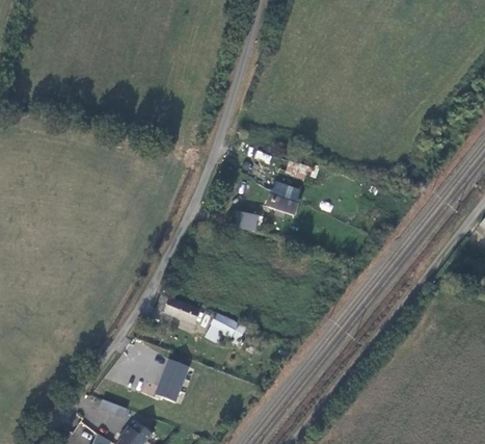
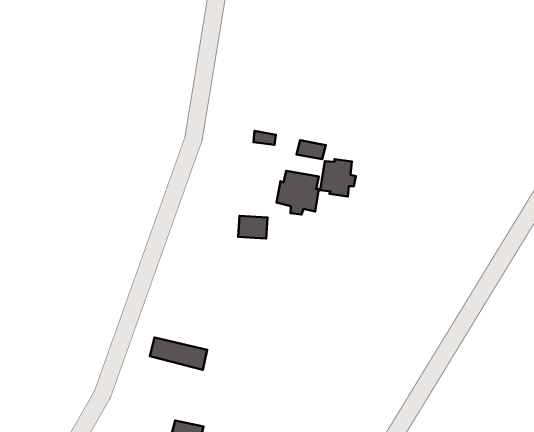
building: none -> [320,159,356,197]
building: [206,313,238,340] -> none

